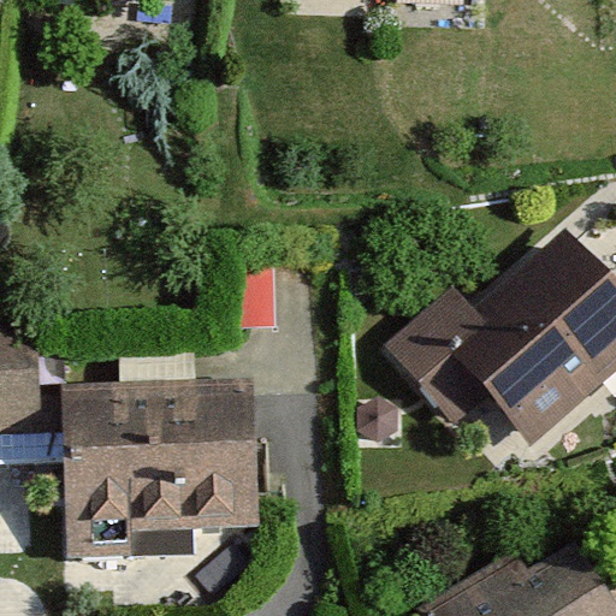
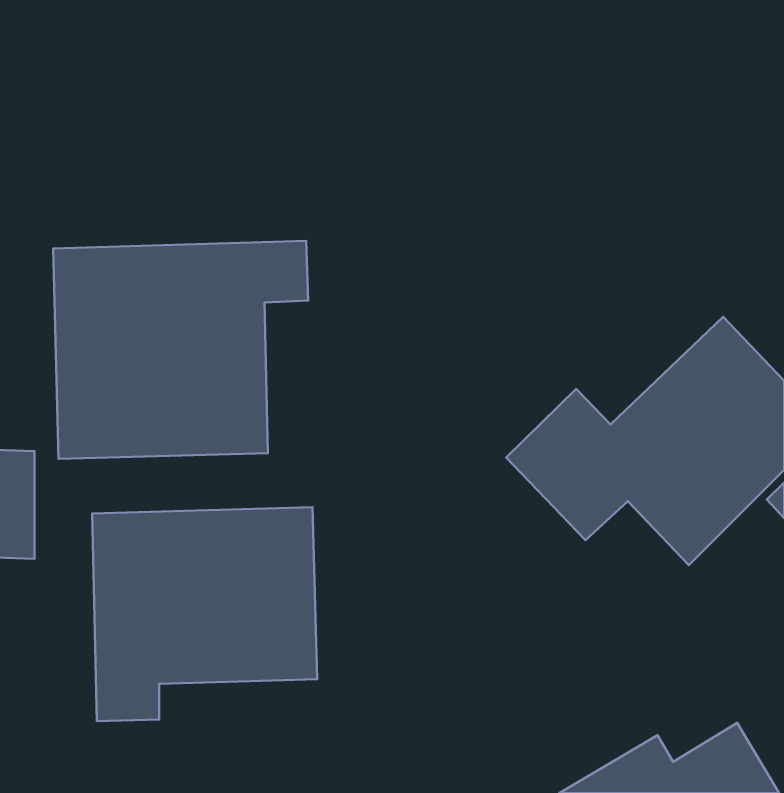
building: none -> [53,241,308,459]

